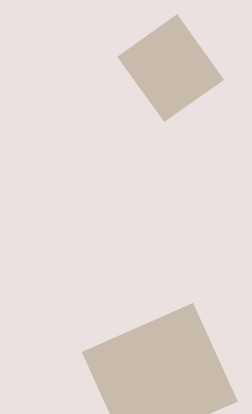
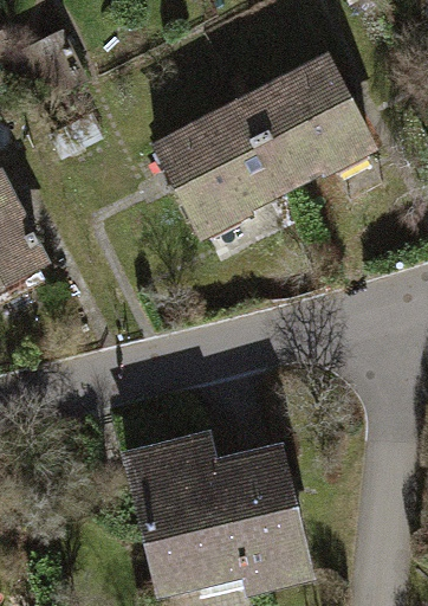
building: none -> [143,101,283,243]

